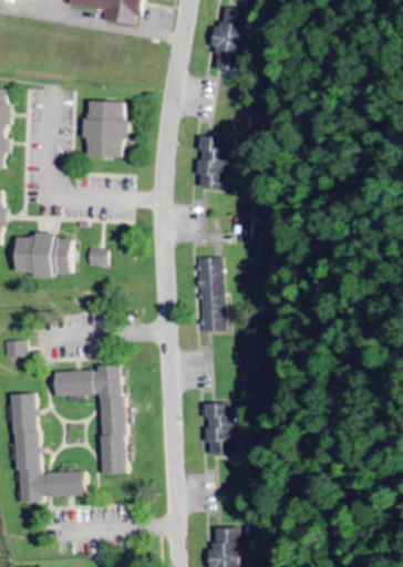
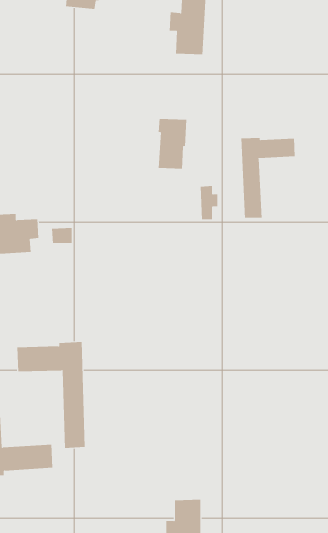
building: [85,101,126,157] -> none
building: none -> [241,137,295,219]
building: [199,257,226,331] -> none
building: [206,403,239,455] -> none

